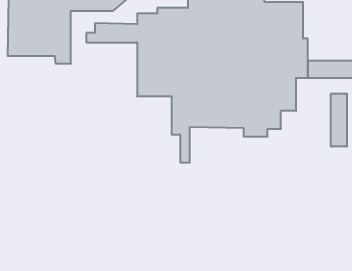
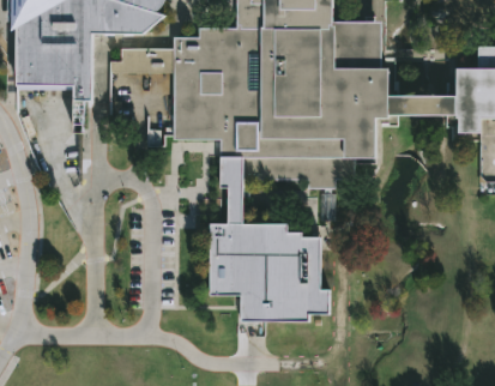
building: [331,94,347,147] -> none
building: none -> [210,222,328,322]

